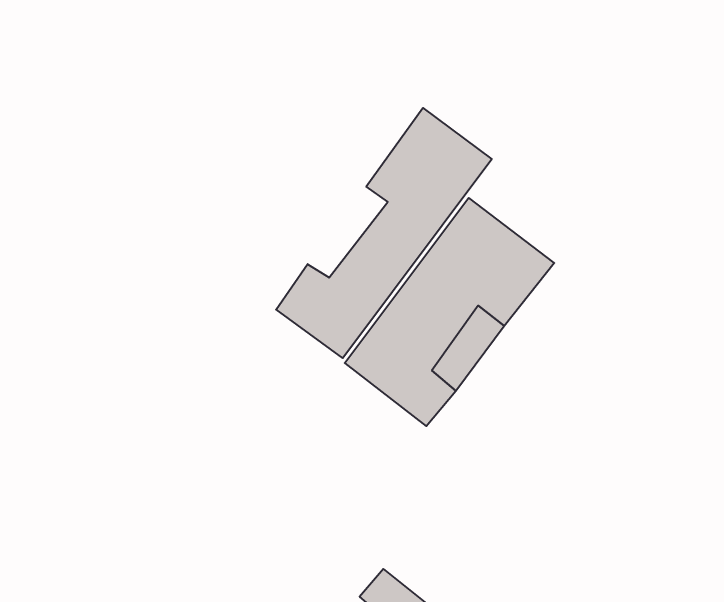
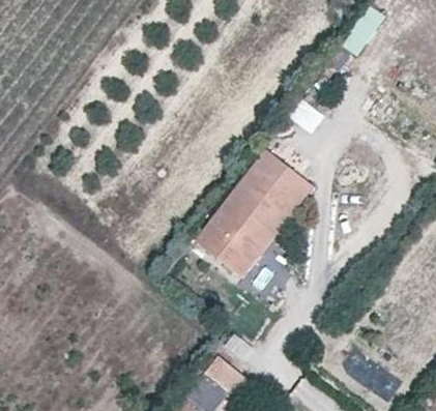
building: [276,108,492,358] -> none

